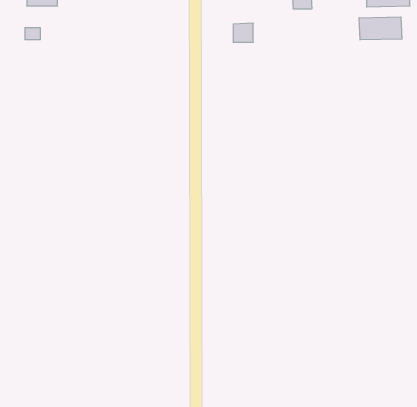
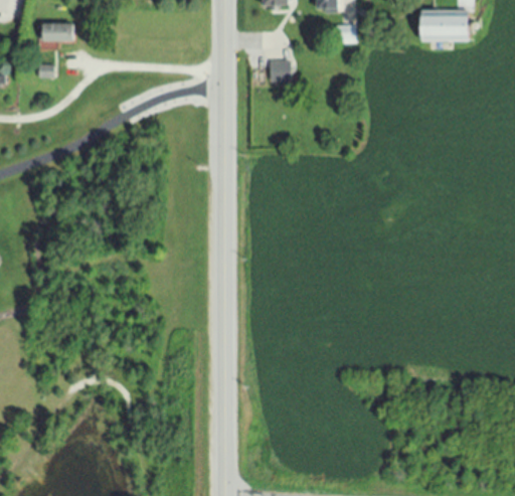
building: [359,17,402,40] -> none

